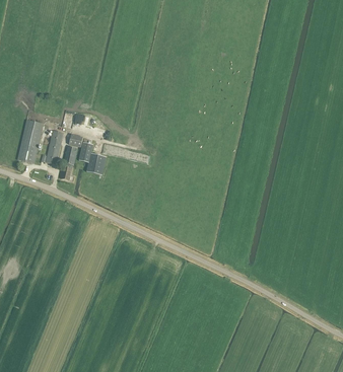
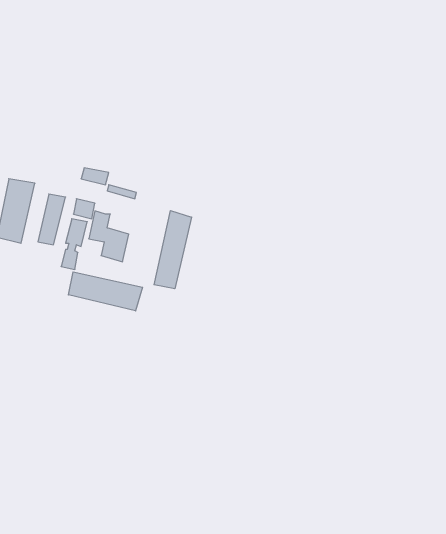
building: none -> [154,211,192,289]
building: none -> [68,272,143,311]

